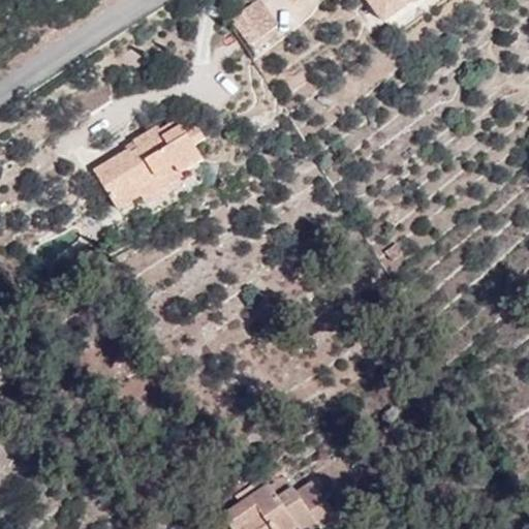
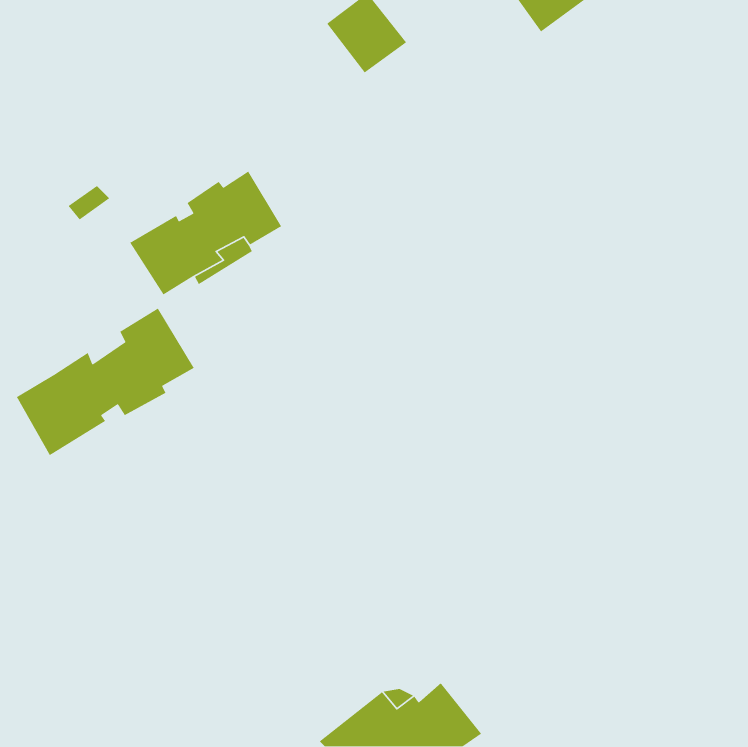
building: none -> [16,307,195,456]

